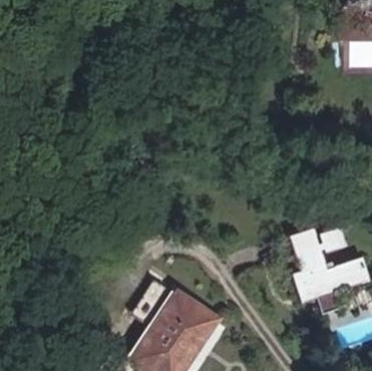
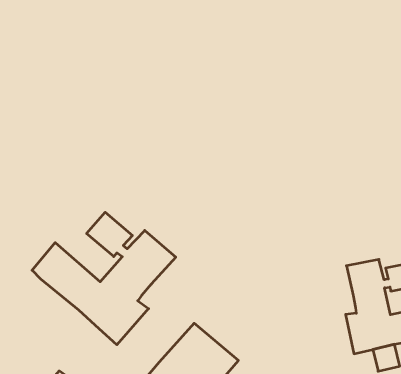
building: none -> [32,212,176,345]

